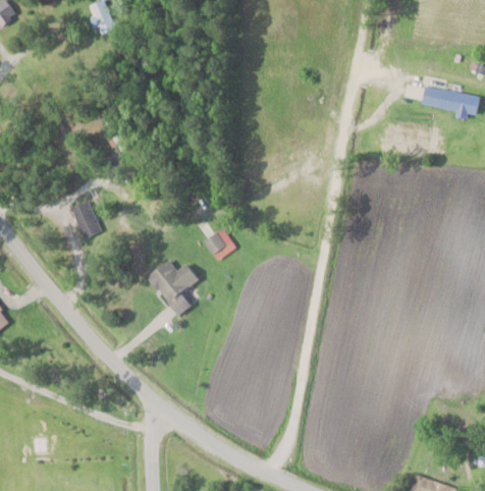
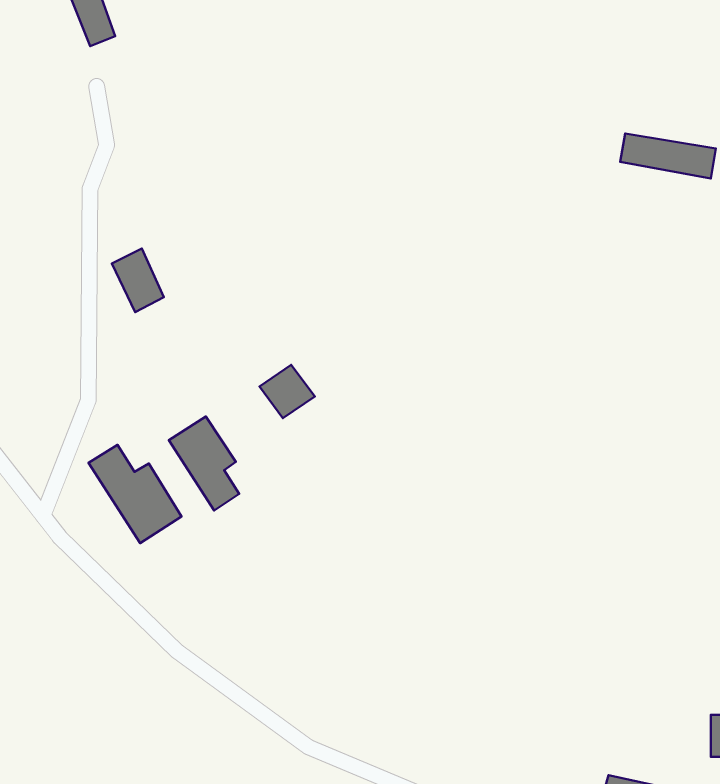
building: [69,200,101,238] -> [112,249,164,312]
building: none -> [89,445,181,543]

